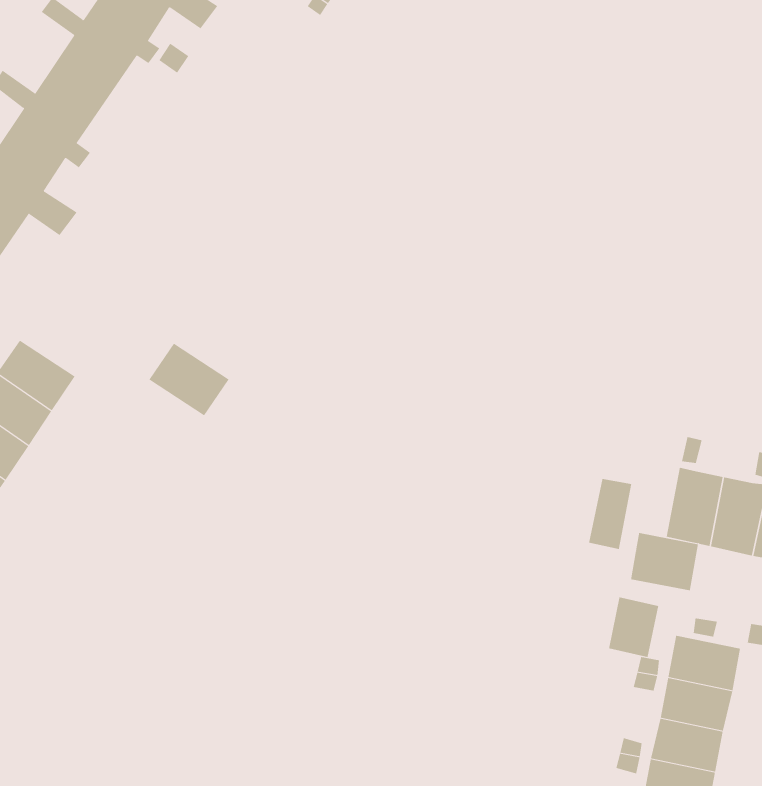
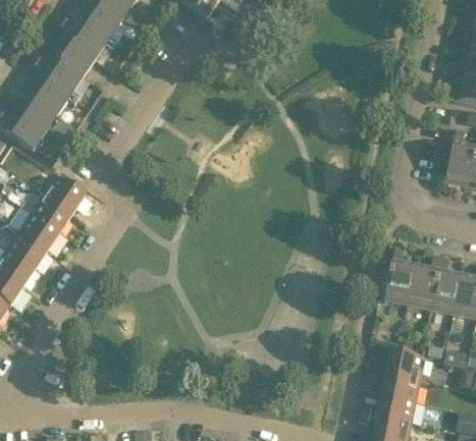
building: [148,343,229,416] -> [42,177,85,216]
building: [588,478,632,550] -> none
building: [630,532,698,591] -> none
building: [609,596,659,658] -> none

